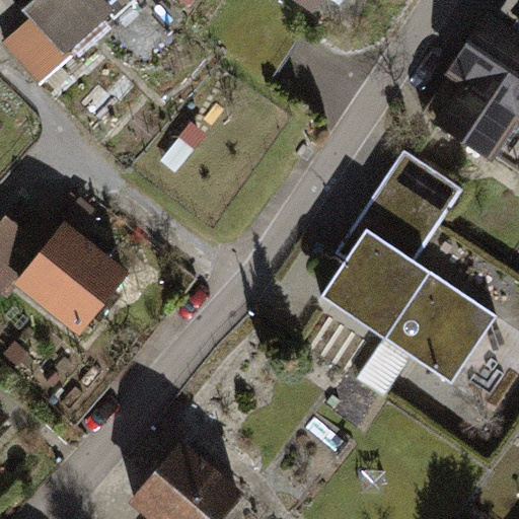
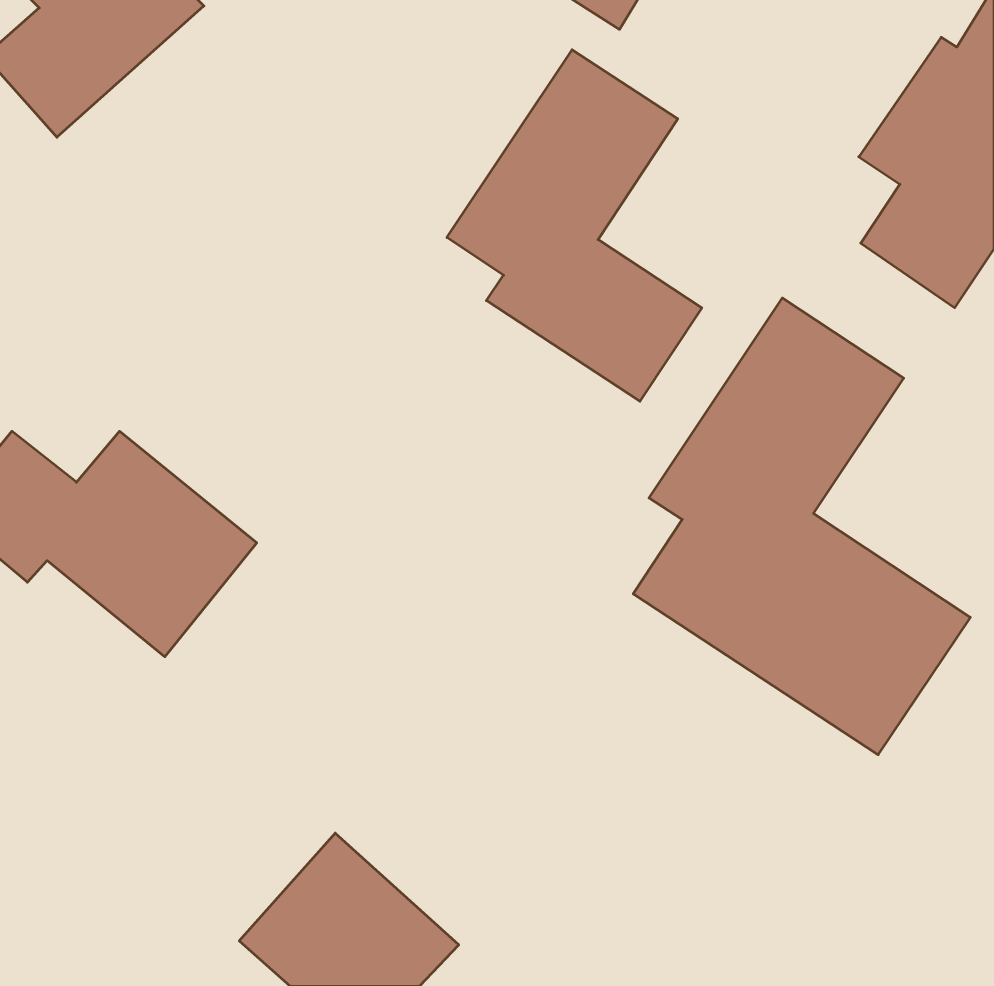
building: none -> [447,50,702,401]

